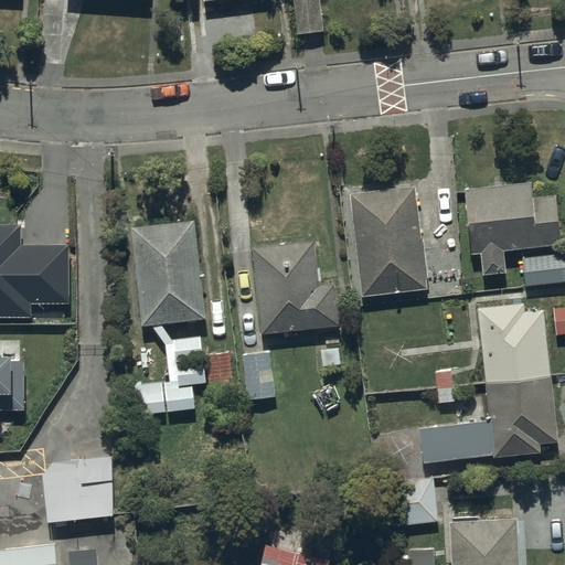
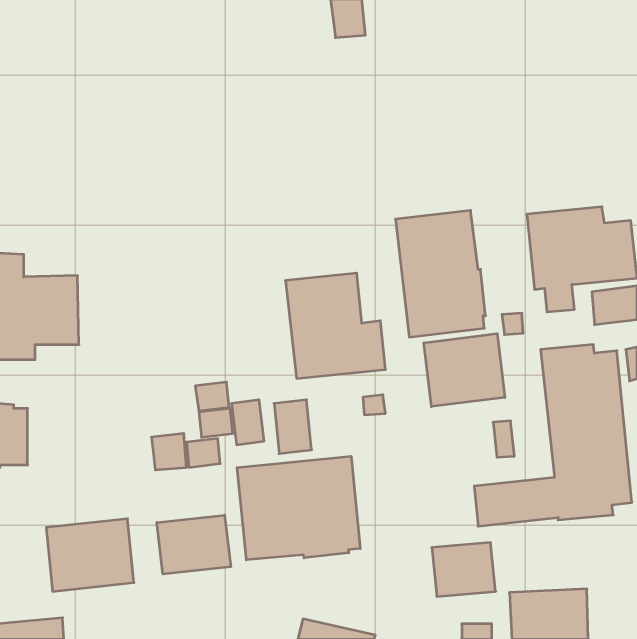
building: [130,220,205,326] -> none
building: none -> [424,334,505,407]
building: none -> [237,456,360,560]
building: none -> [157,515,231,574]

